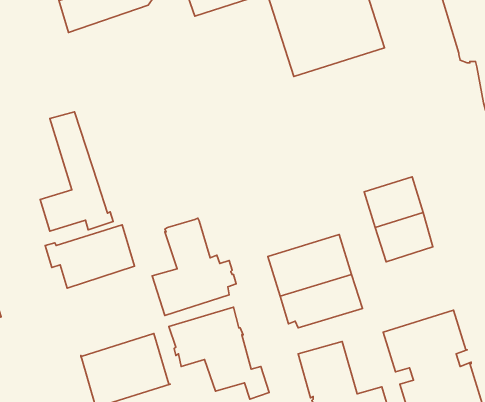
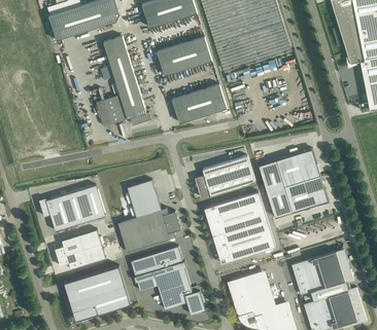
building: none -> [157,37,211,76]
building: none -> [171,85,227,123]
building: [40,112,113,231] -> [96,37,150,126]
building: none -> [195,156,254,198]
building: none -> [259,160,293,218]
building: none -> [54,230,105,269]

